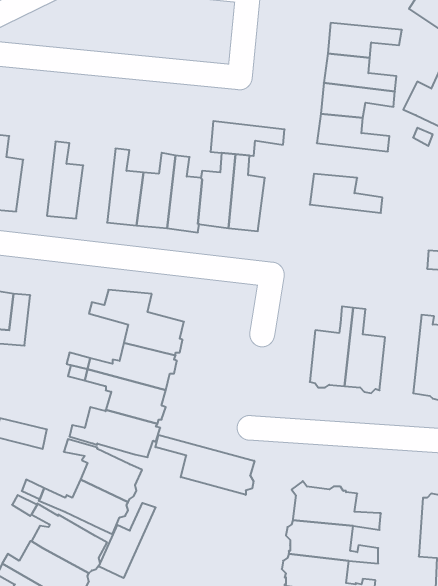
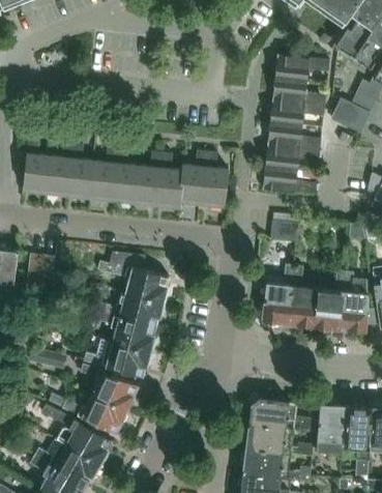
building: [210,121,285,156] -> [265,144,320,170]
building: none -> [45,142,74,198]
building: none -> [89,147,118,203]
building: none -> [270,214,300,242]
building: none -> [314,270,345,330]
building: [155,435,254,495] -> none
building: none -> [317,403,346,458]
building: [99,503,156,578] -> none

